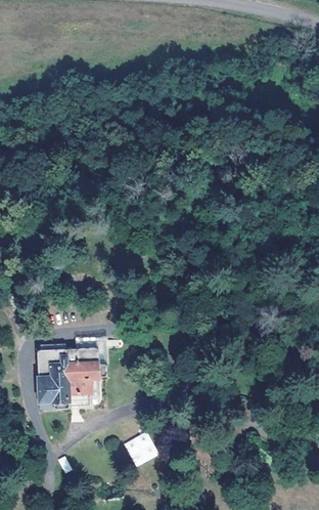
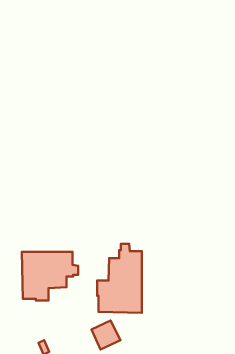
building: none -> [97,244,142,313]

